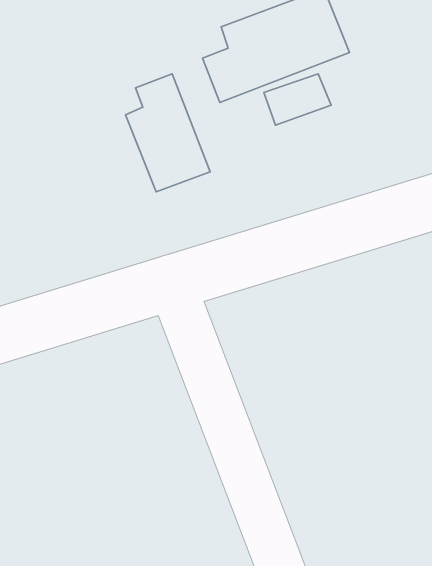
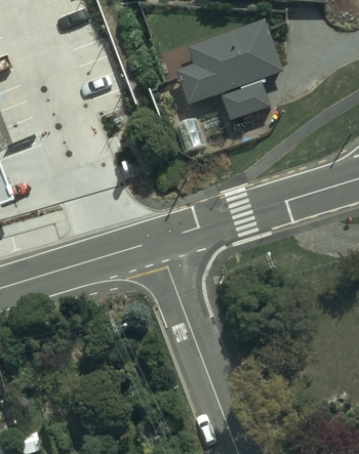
building: [126,74,210,192] -> none

